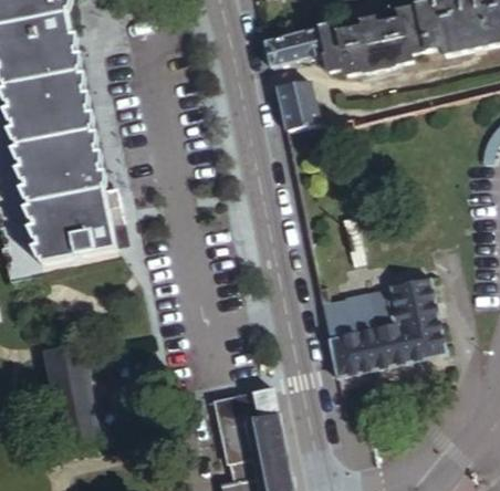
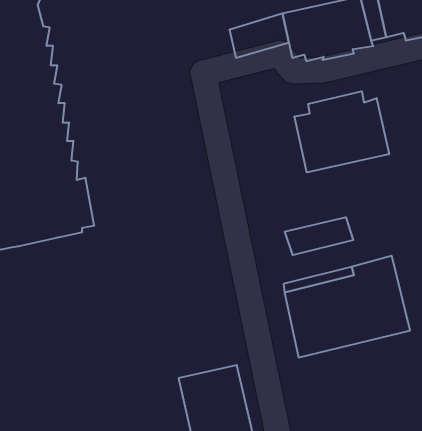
building: [274,81,317,129] -> none
building: none -> [294,91,389,172]
building: none -> [285,217,353,255]
building: [45,343,101,446] -> none

